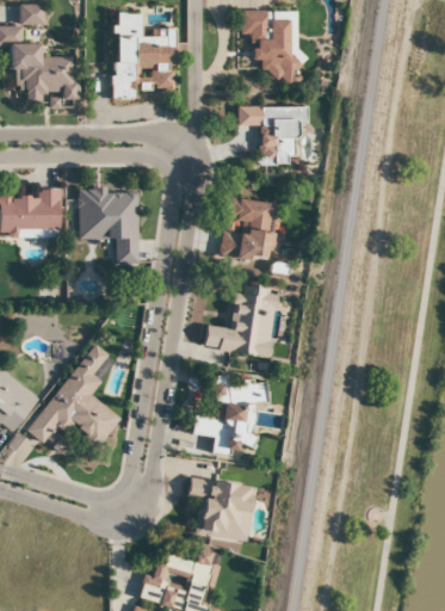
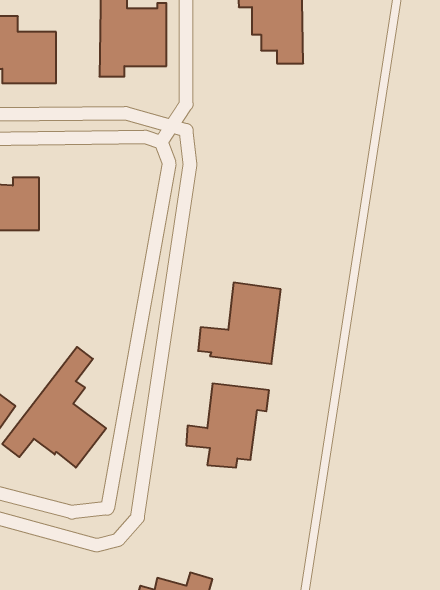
building: [237,105,308,162] -> none
building: [79,189,138,259] -> none
building: [218,196,278,263] -> none
building: [187,476,255,542] -> none

